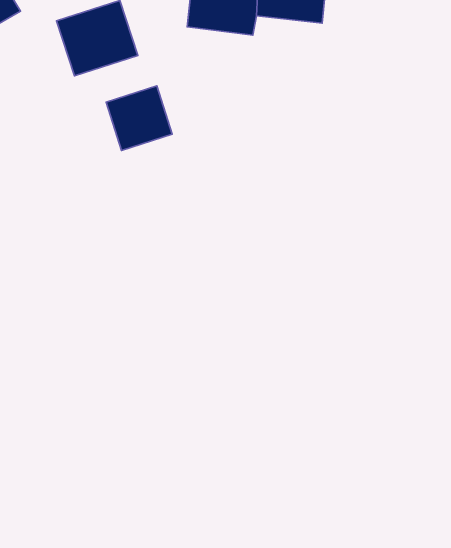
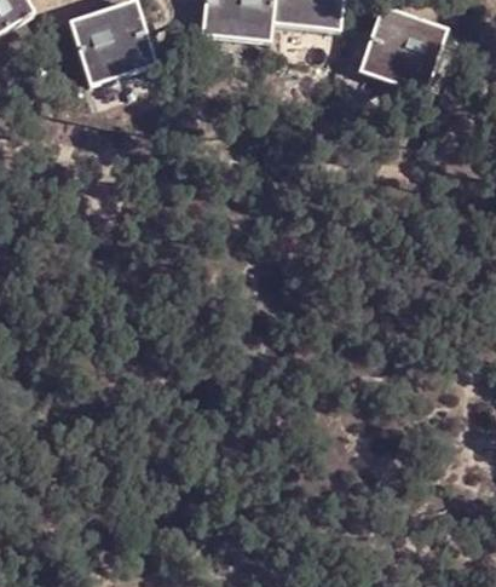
building: none -> [362,11,445,90]
building: [106,86,172,150] -> none

